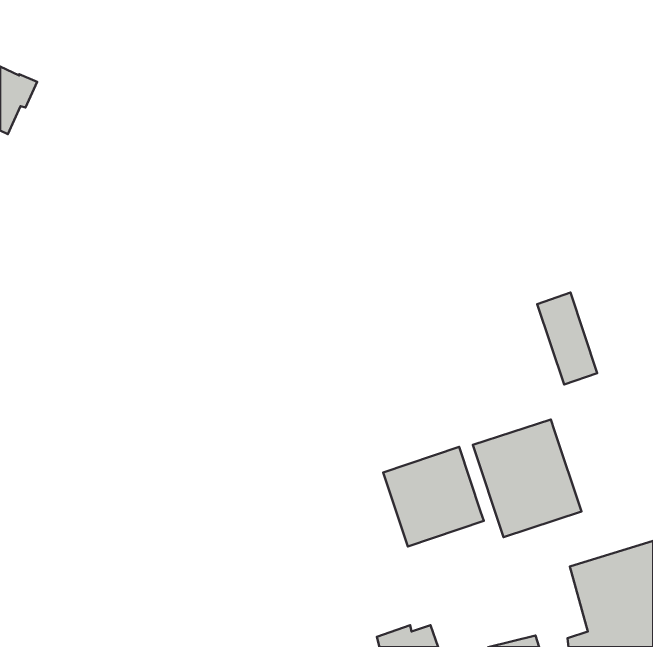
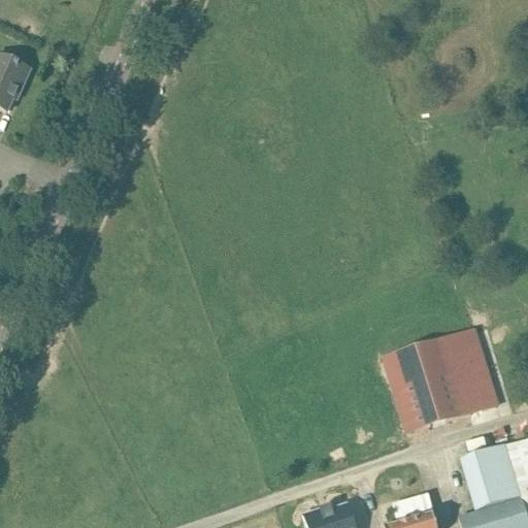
building: [537,293,597,385] -> [448,338,496,412]
building: [383,447,484,546] -> none

